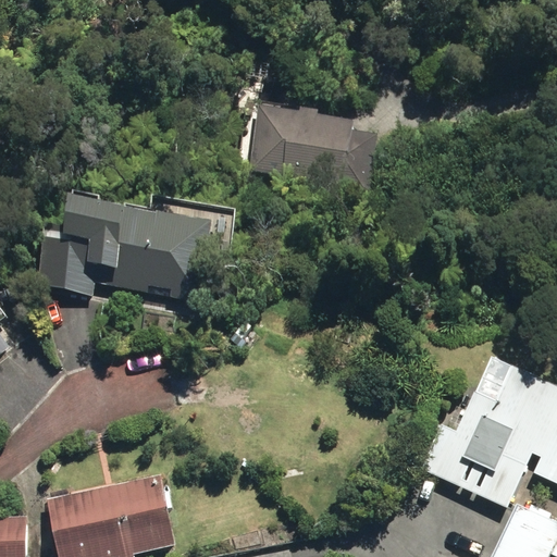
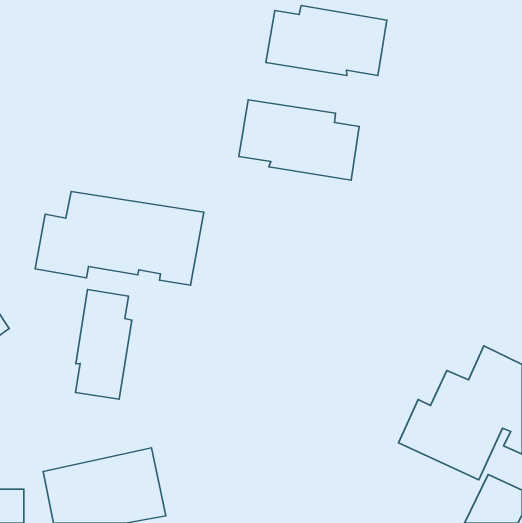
building: none -> [266,5,387,76]
building: none -> [76,289,132,399]

